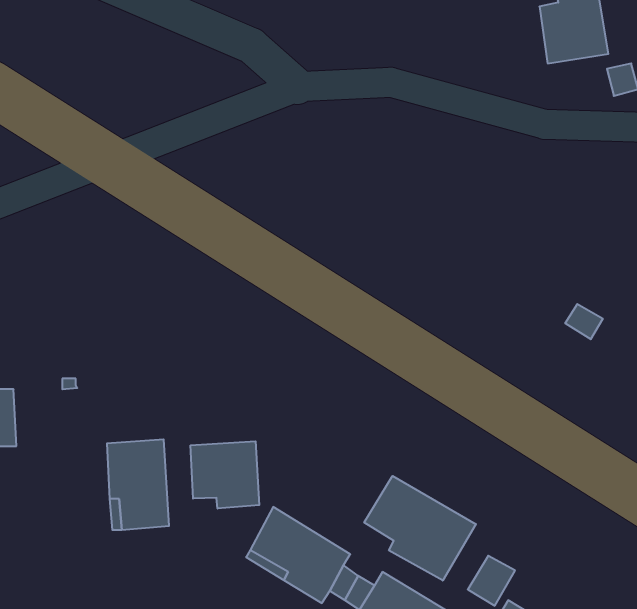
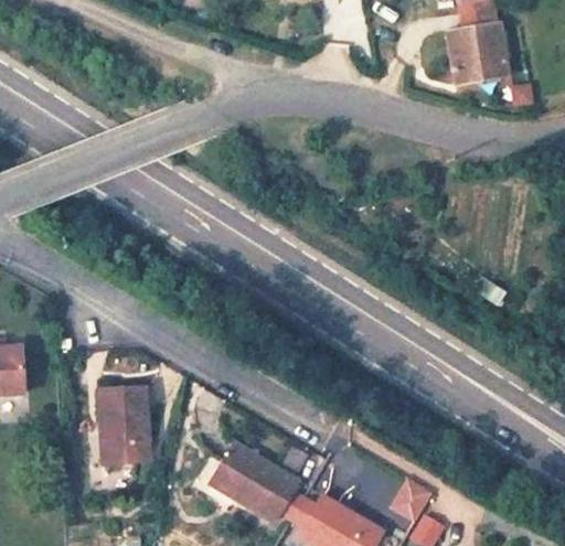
building: [191,441,259,509] -> none
building: [364,476,476,581] -> none

